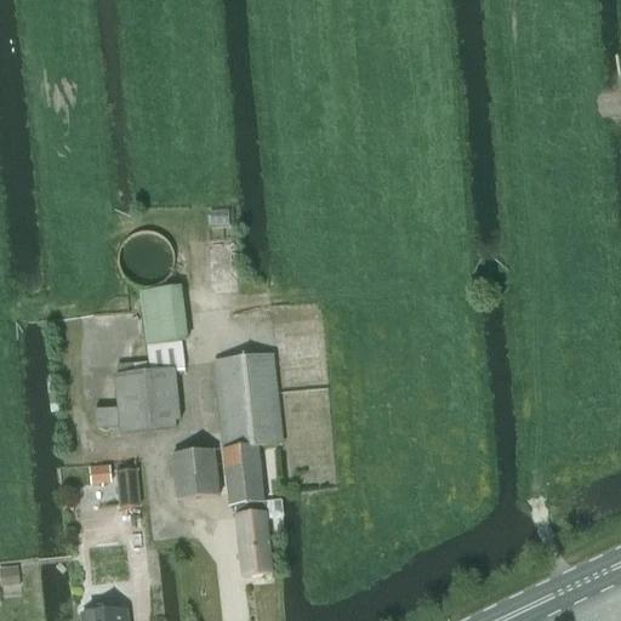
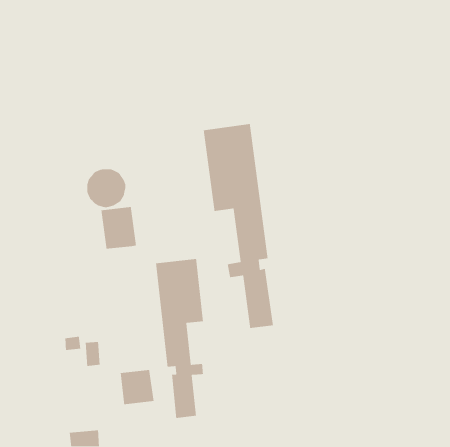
building: none -> [203,123,274,329]
building: [115,340,186,429] -> none
building: [173,449,221,498] -> [120,369,154,405]

